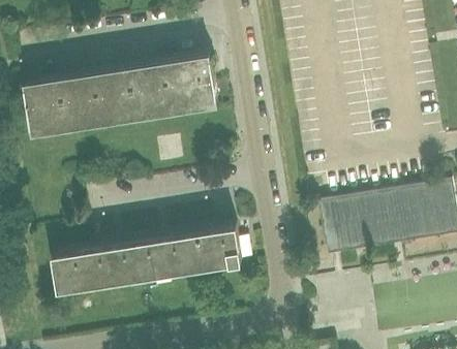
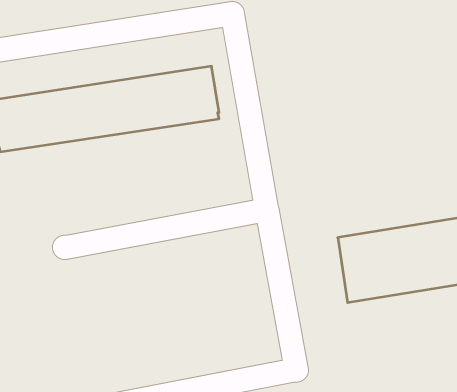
building: [51,227,240,292] -> none

